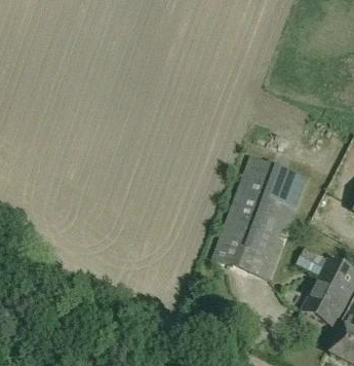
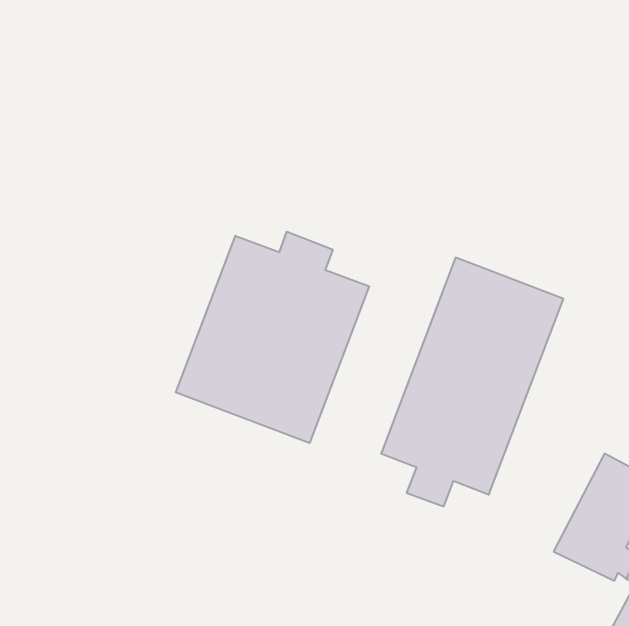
building: none -> [176,232,369,443]

